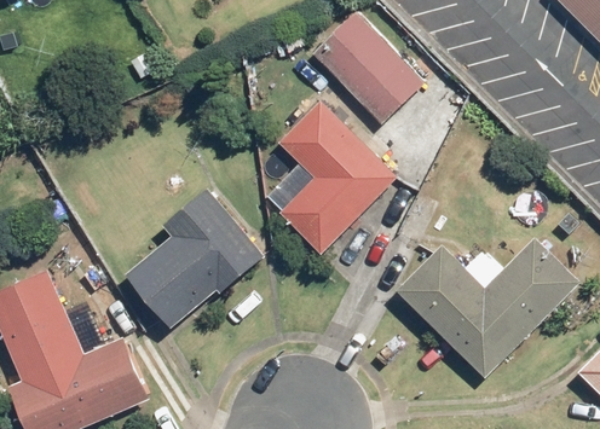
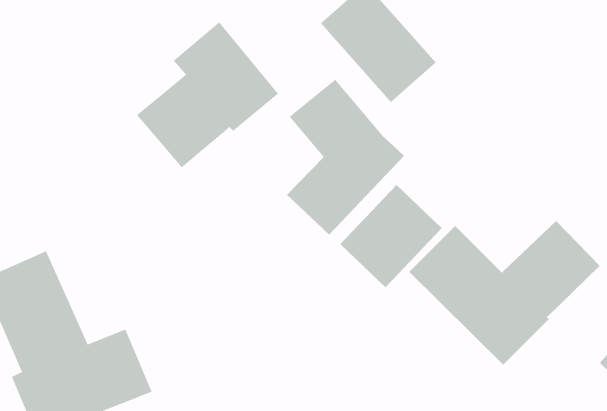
building: [127,187,264,327] -> [136,22,279,168]
building: none -> [339,184,443,288]

